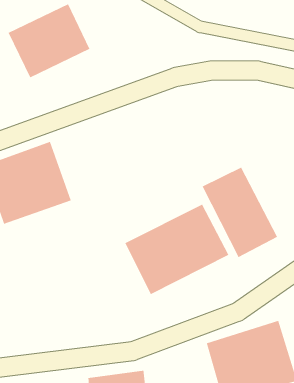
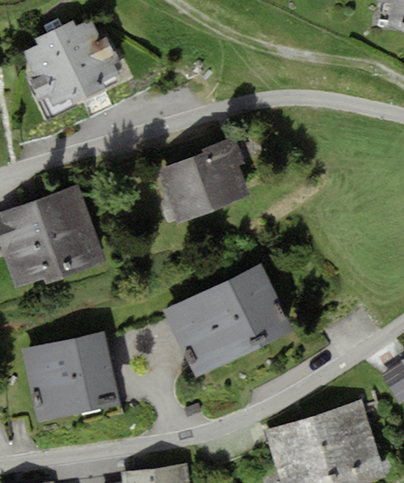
building: none -> [155,141,248,223]
building: [202,166,278,258] -> none
building: none -> [21,330,118,421]

